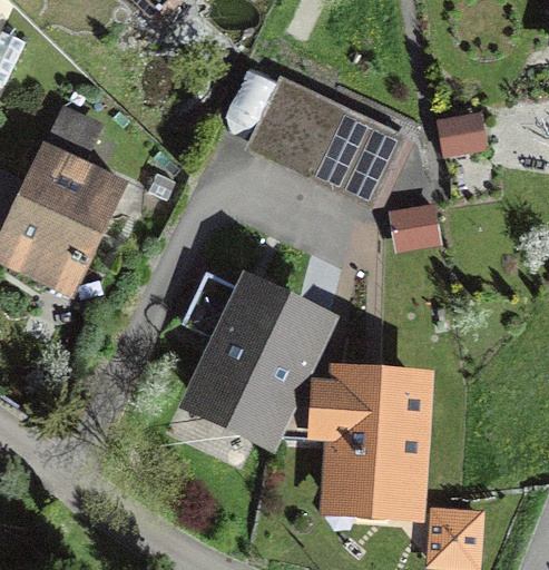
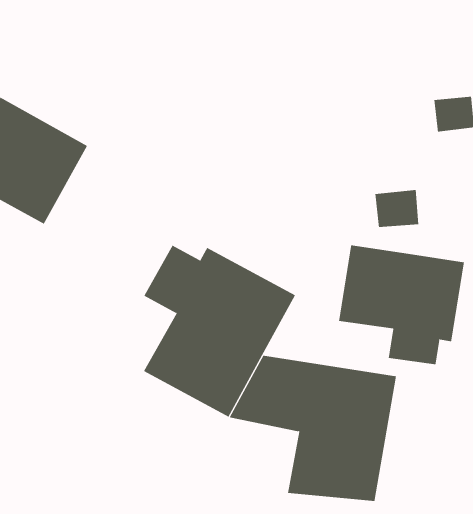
building: [249,81,400,199] -> none
building: none -> [339,244,464,365]

